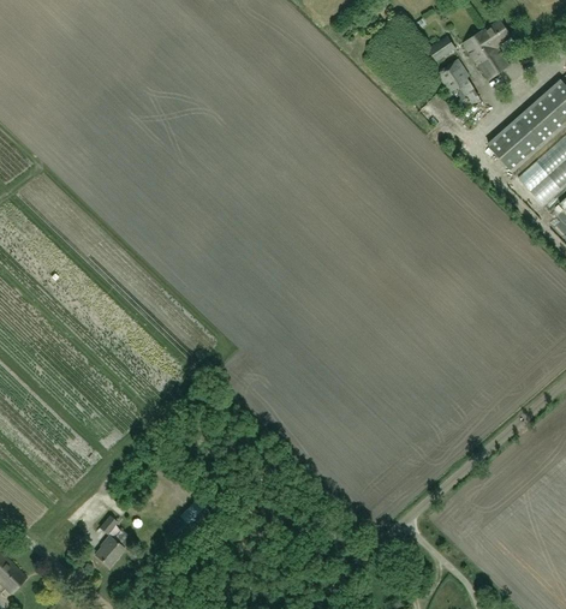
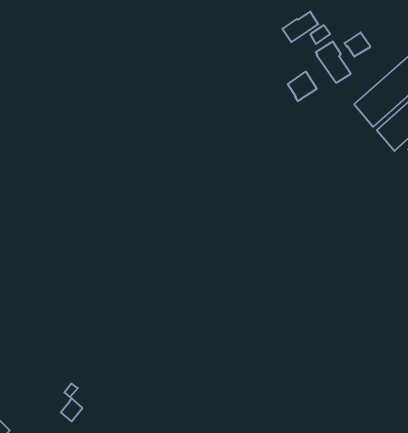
building: [463,20,511,61] -> [282,12,318,42]
building: none -> [288,72,317,101]

